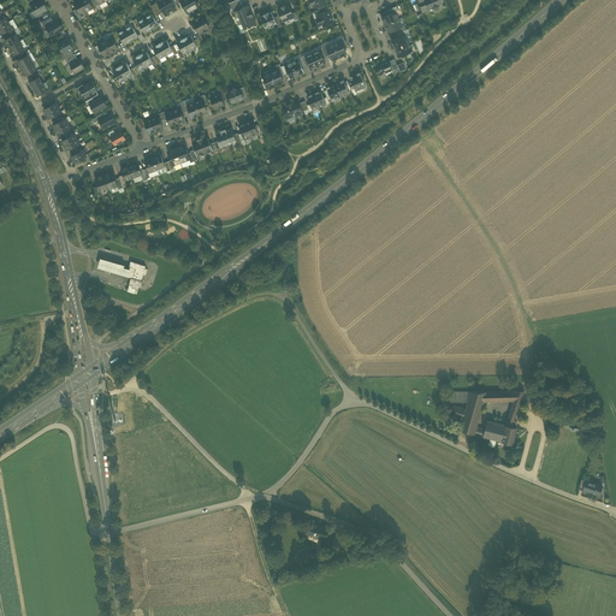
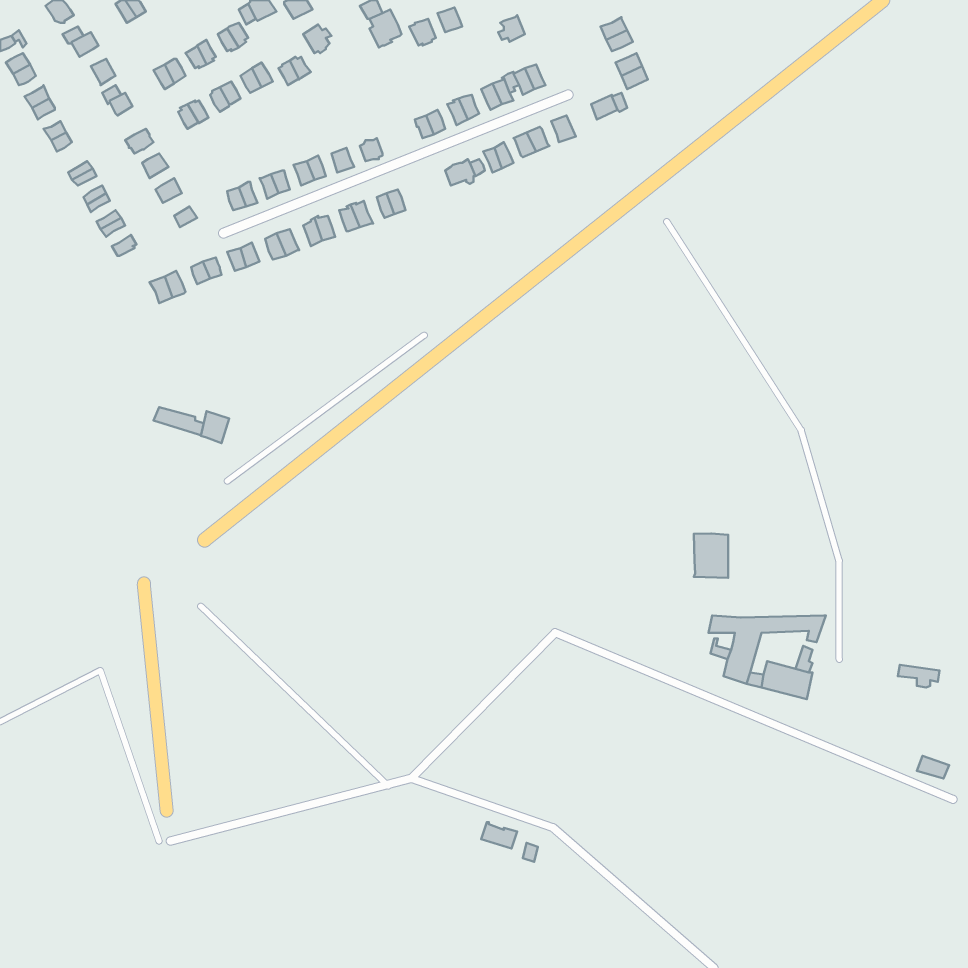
building: none -> [694,534,728,578]

